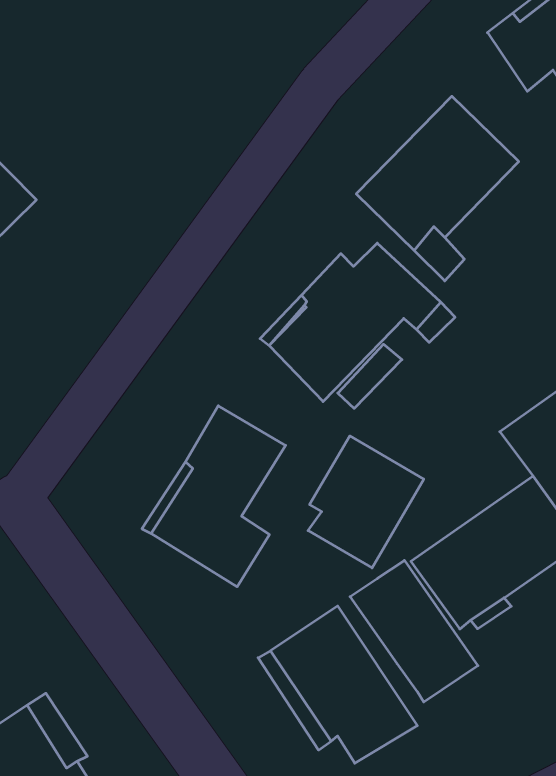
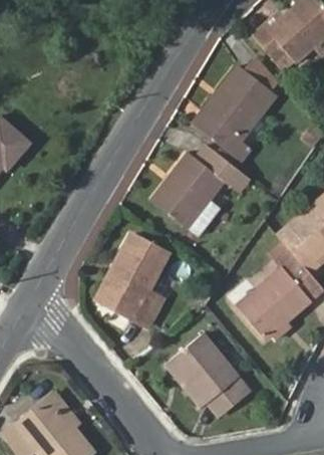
building: [308,436,424,568] -> none
building: [350,560,478,702] -> none

